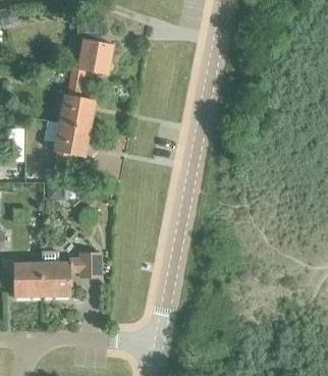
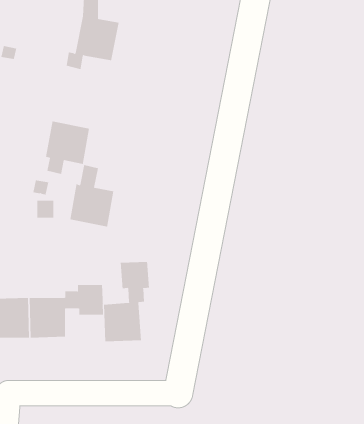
building: [59,78,95,128] -> [69,164,114,227]
building: none -> [104,261,149,342]

